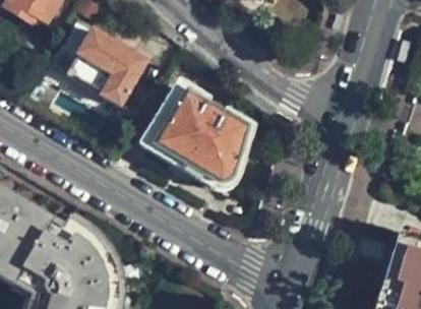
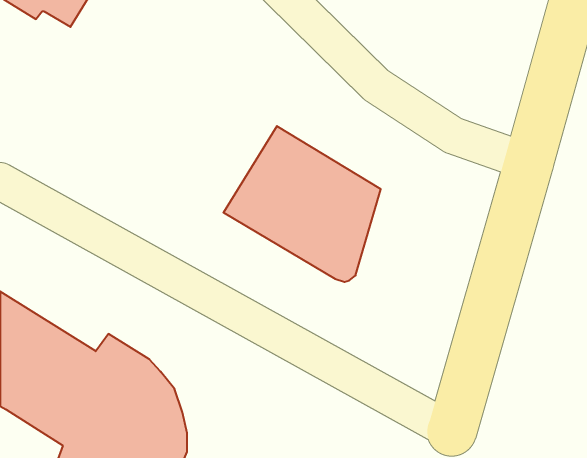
building: [66,27,145,105] -> none

